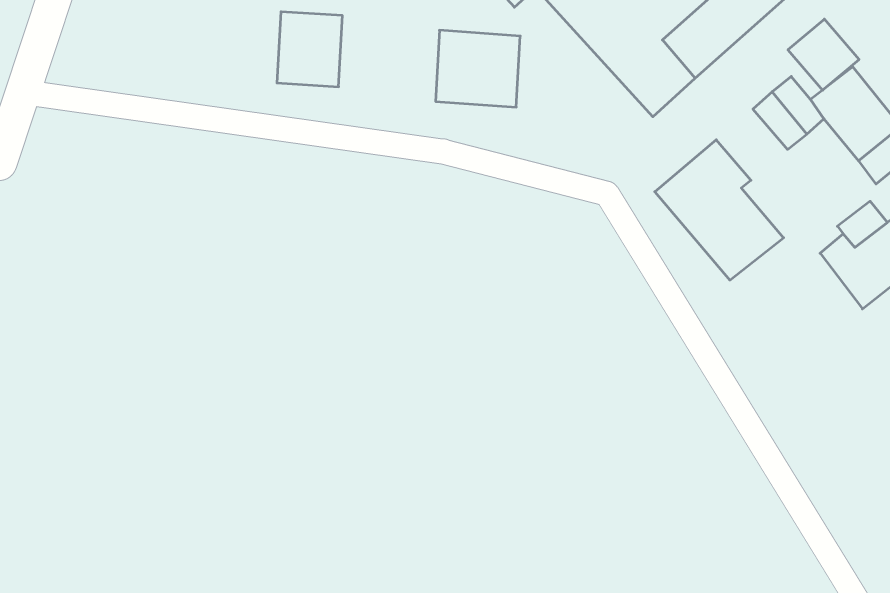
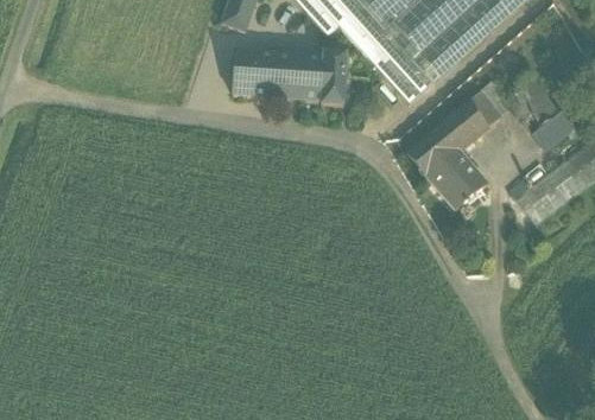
building: [277,12,342,87] -> [234,50,274,96]
building: [788,19,859,90] -> [445,101,489,145]
building: none -> [322,51,347,104]

